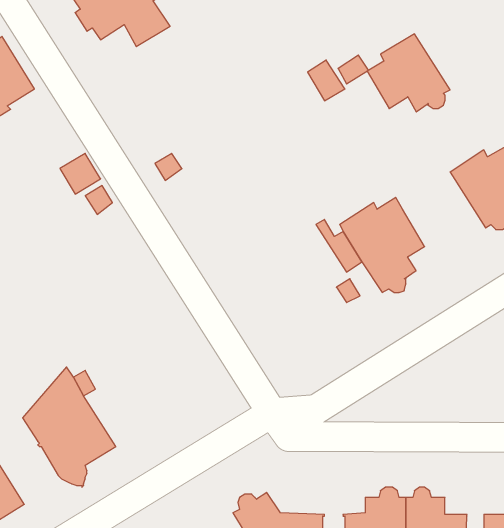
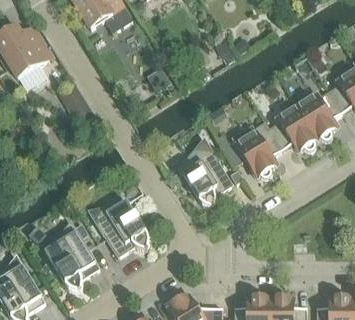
building: [367,34,450,112] -> [268,105,317,151]
building: none -> [178,137,232,207]
building: none -> [88,199,148,256]

